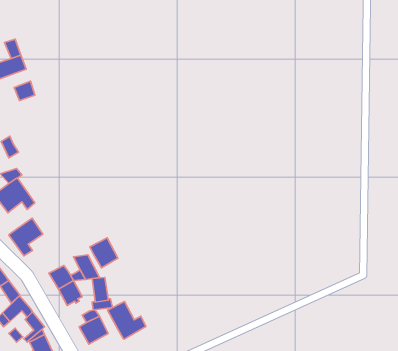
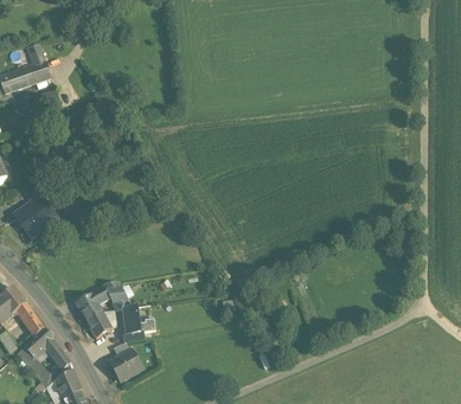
building: [9,218,43,256] -> none
building: [90,238,118,268] -> none
building: [107,302,146,339] -> none

